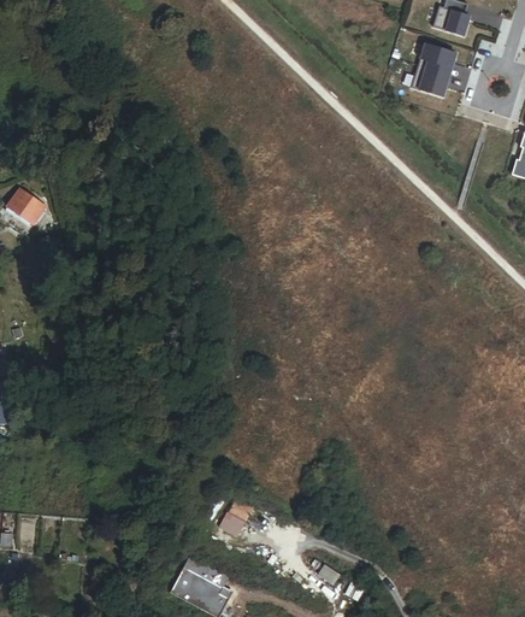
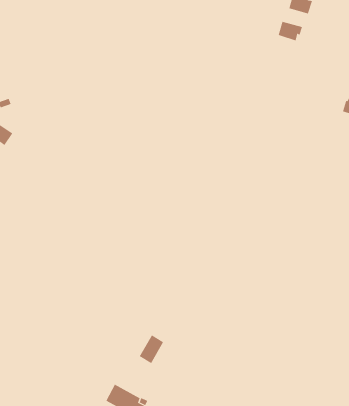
building: [414,64,448,95] -> none

